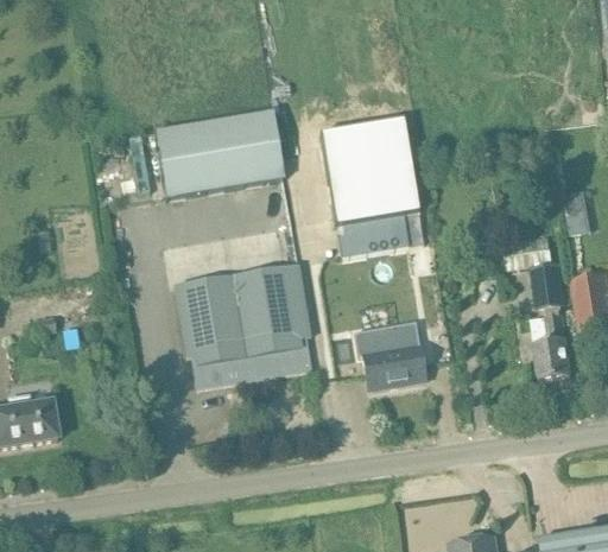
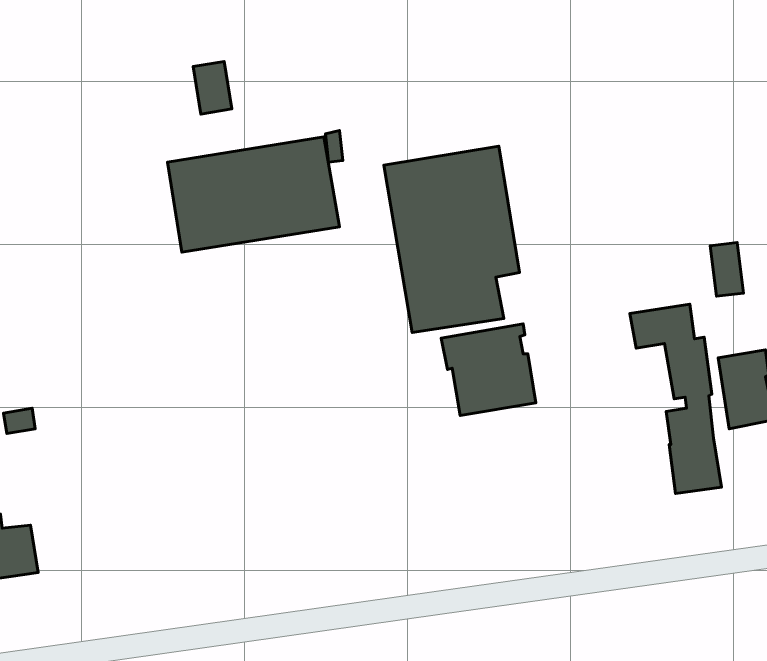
building: none -> [193,61,232,114]
building: [175,262,312,388] -> none
building: [354,322,425,391] -> [441,324,536,415]

